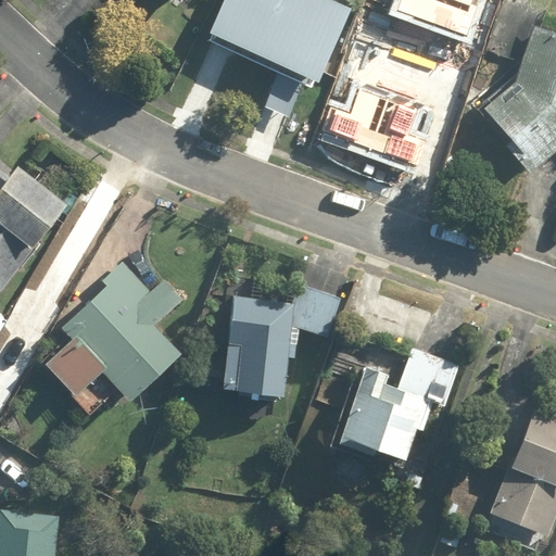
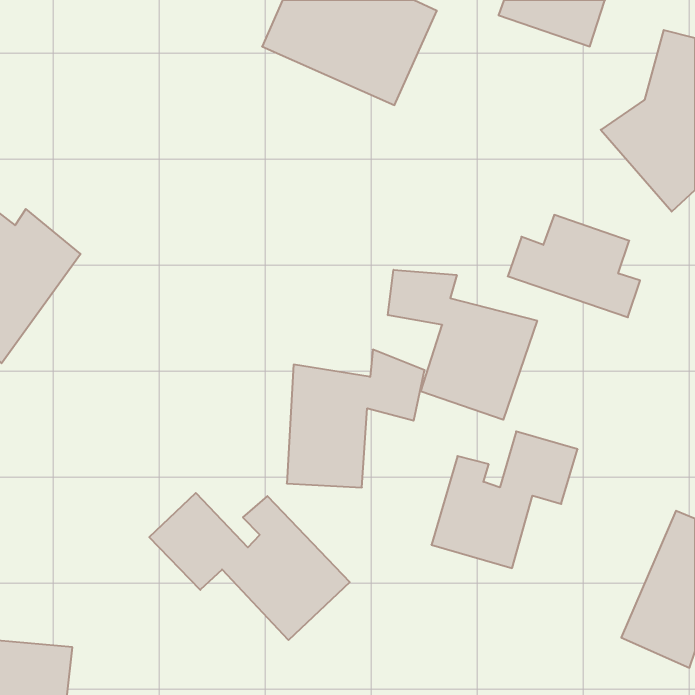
building: [318,90,424,172] -> [508,215,640,317]
building: none -> [388,270,537,420]
building: [49,266,184,408] -> none
building: none -> [149,493,350,640]

